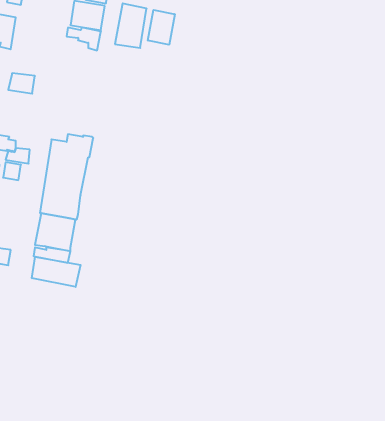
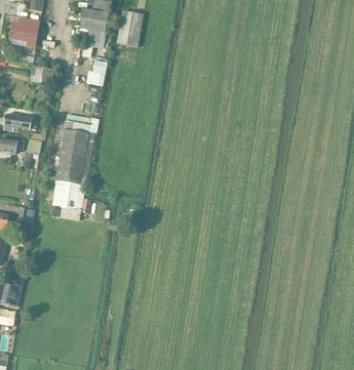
building: [148,10,175,45] -> none
building: none -> [86,54,108,85]
building: [32,257,81,287] -> none

